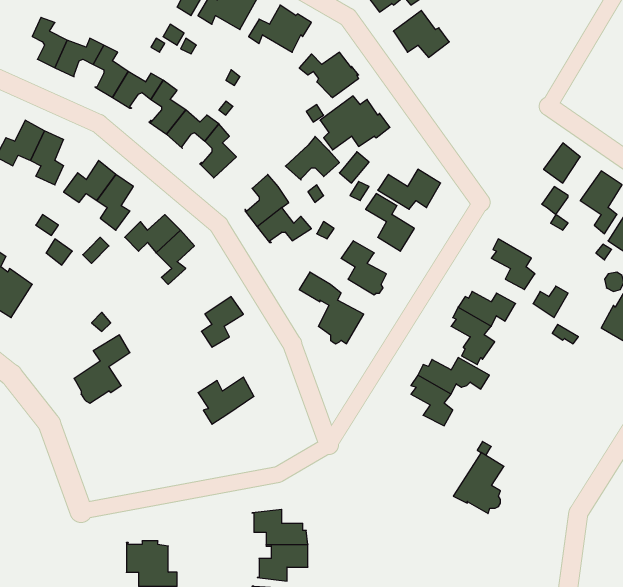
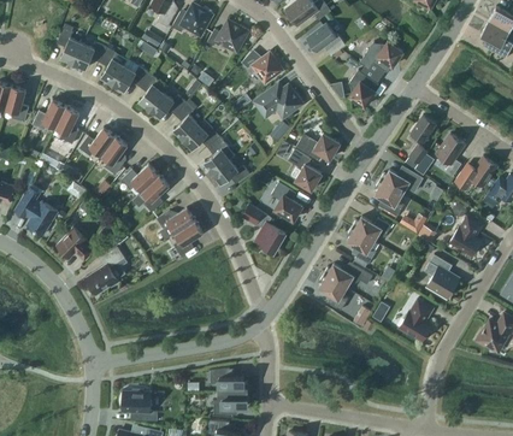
building: none -> [359,41,402,72]
building: none -> [348,70,378,106]
building: [285,136,339,180] -> [182,118,219,148]
building: none -> [378,169,421,194]
building: none -> [55,228,94,260]
building: none -> [423,254,458,297]
building: [198,377,254,424] -> [155,207,194,240]
building: [453,452,504,514] -> [397,299,432,341]

